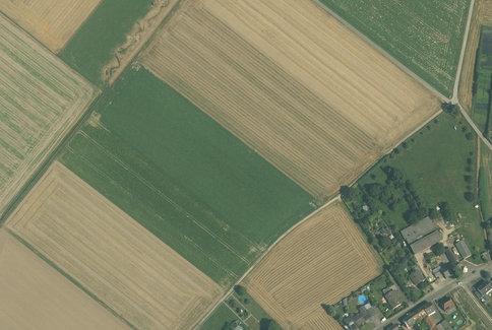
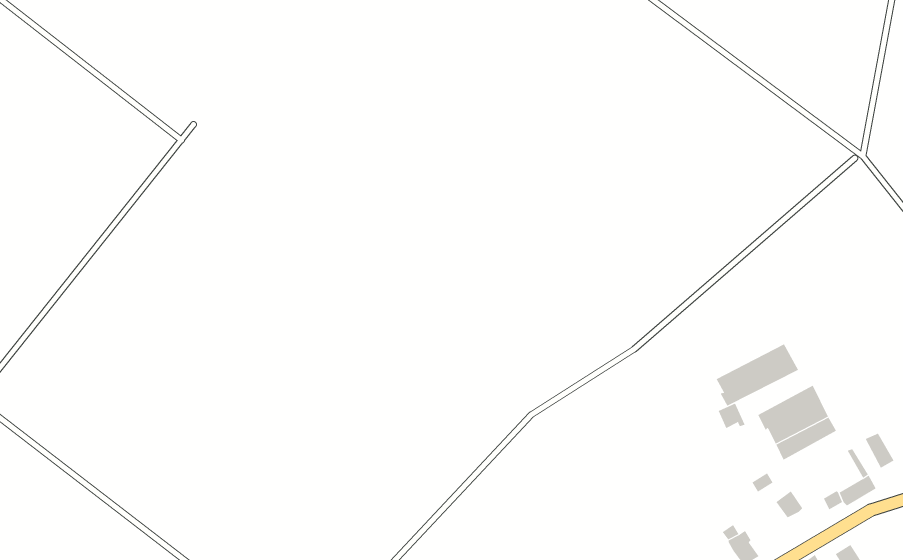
building: none -> [716,343,799,407]

